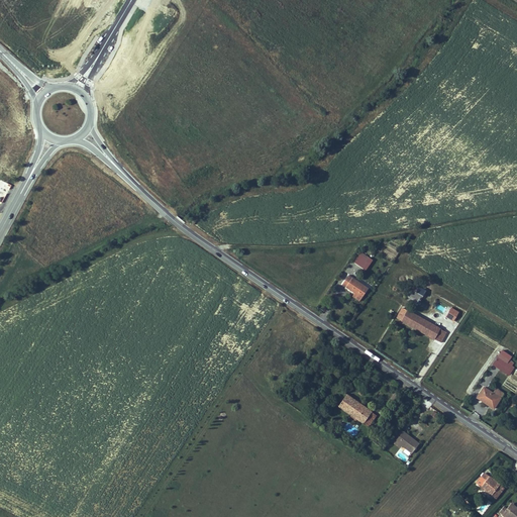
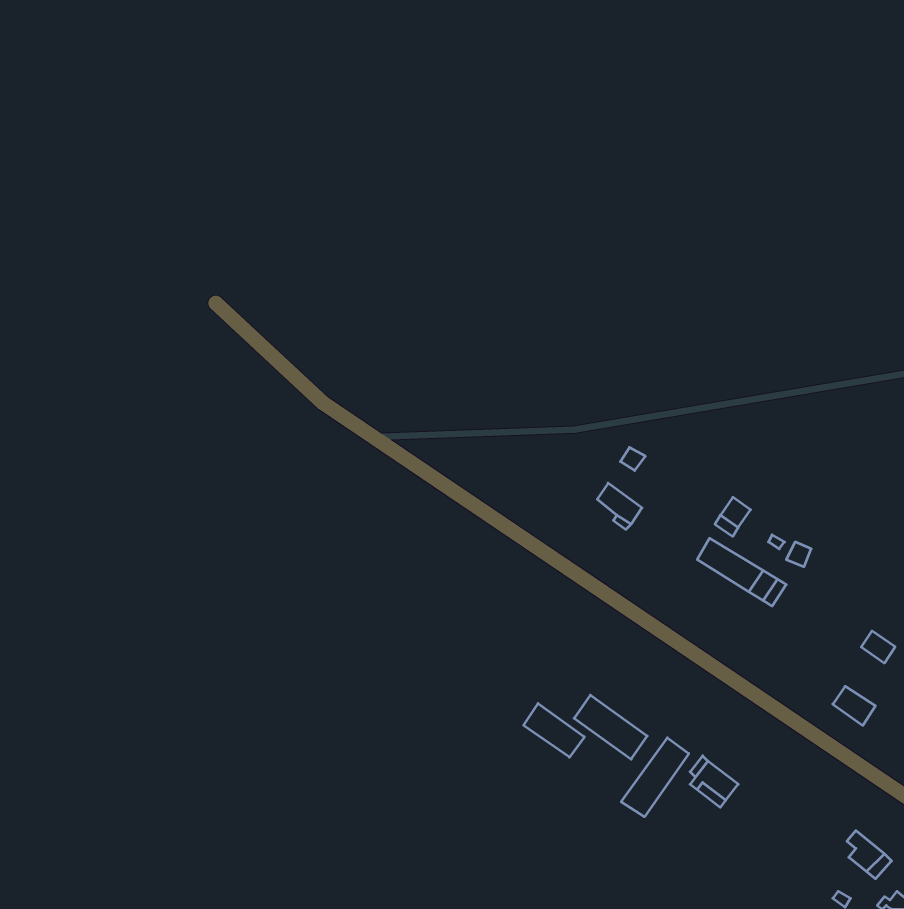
building: none -> [524,703,584,757]
building: none -> [621,738,689,817]

